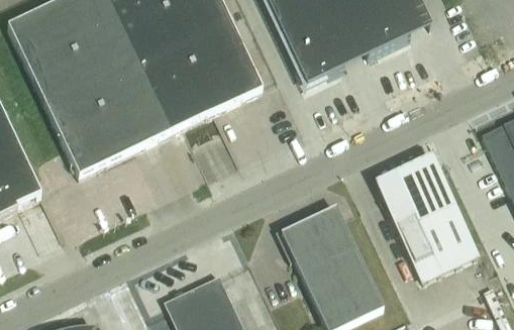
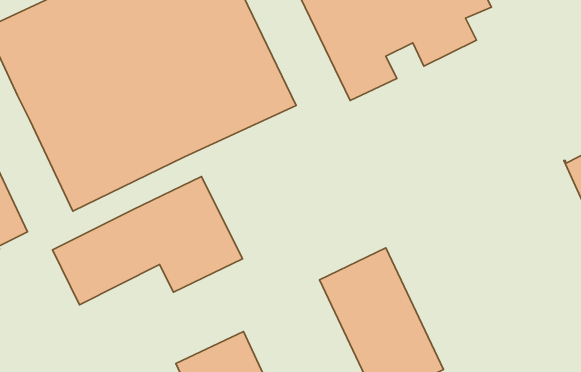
building: none -> [52,177,242,305]
building: [378,159,478,281] -> none

